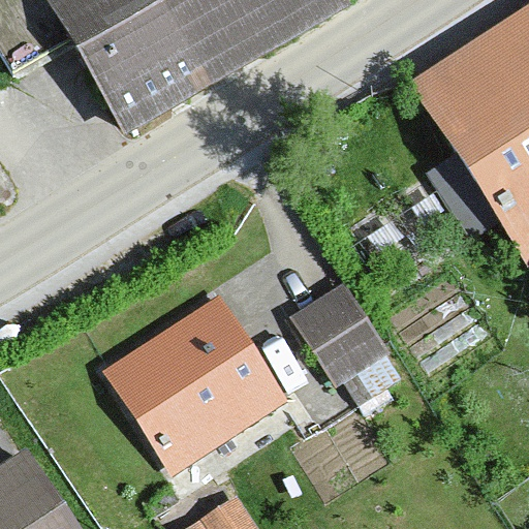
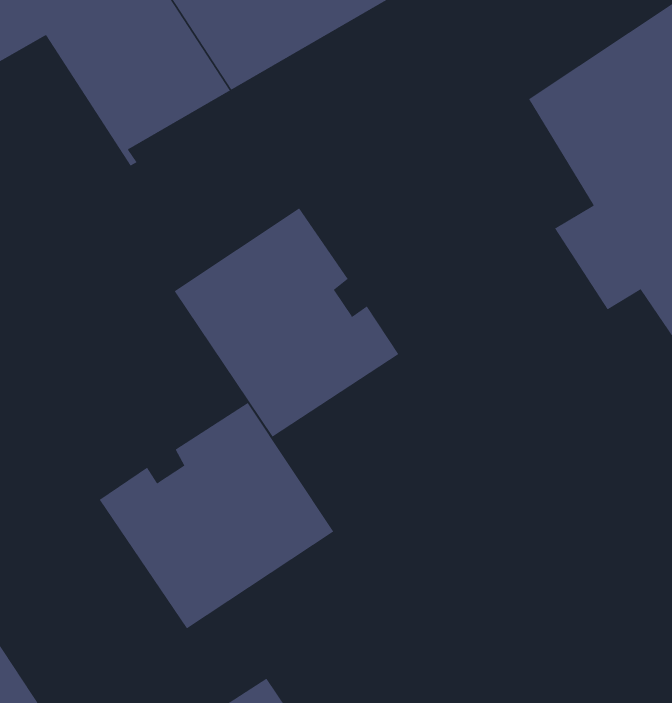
building: none -> [174,207,399,438]
building: [293,288,400,404] -> none

